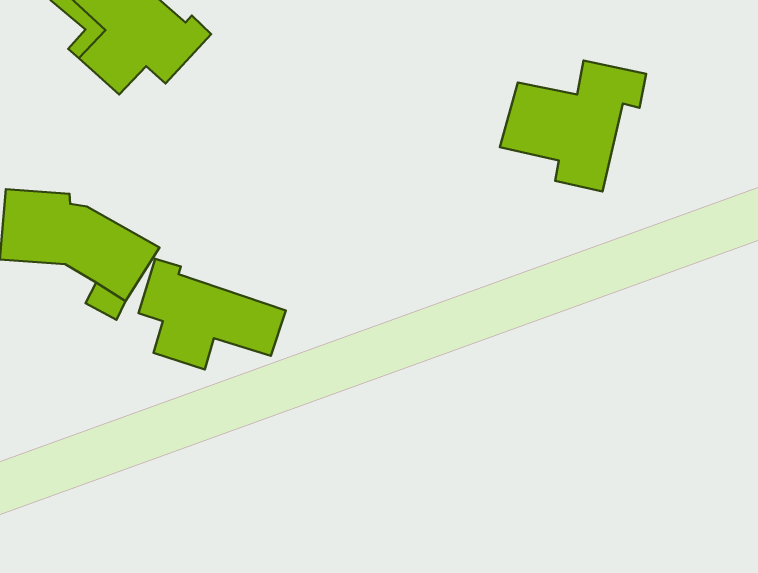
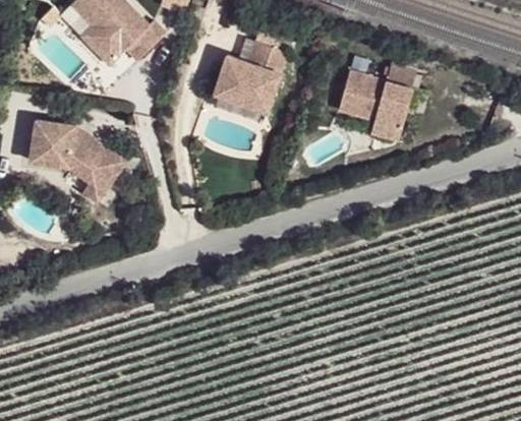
building: none -> [212,43,286,112]
building: [138,259,286,370] -> none

